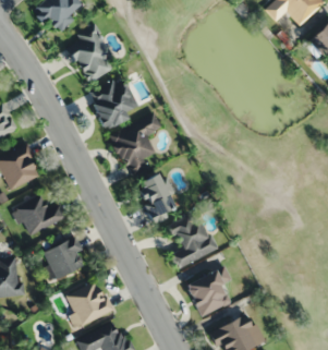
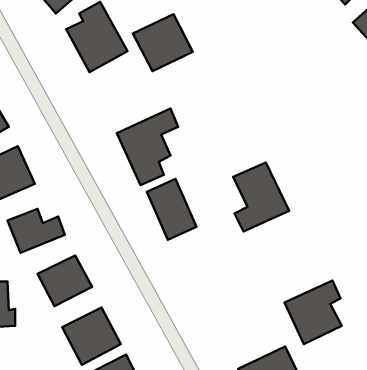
building: [87,81,137,129] -> [133,14,193,71]
building: [169,213,216,270] -> [233,163,289,232]
building: [184,266,232,319] -> [284,280,342,344]

